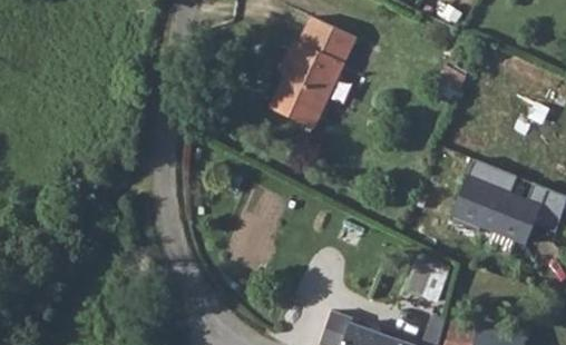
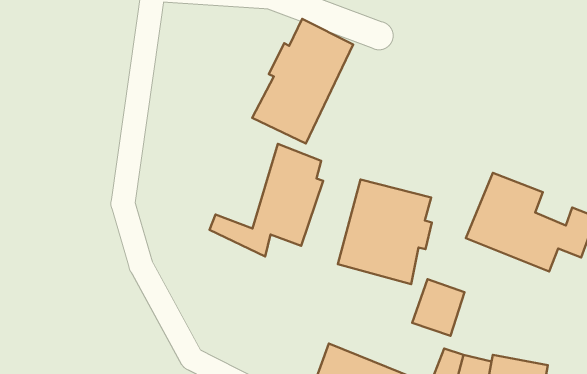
building: none -> [210,144,323,257]
building: none -> [338,179,432,284]

